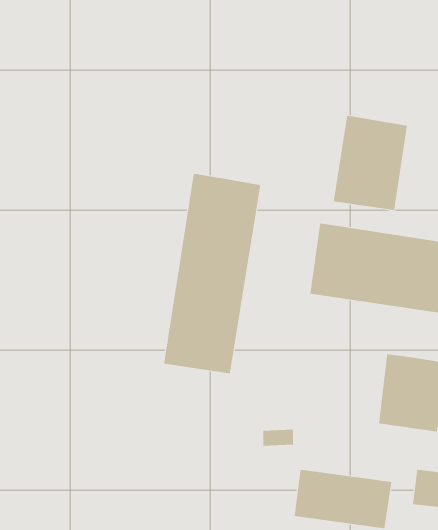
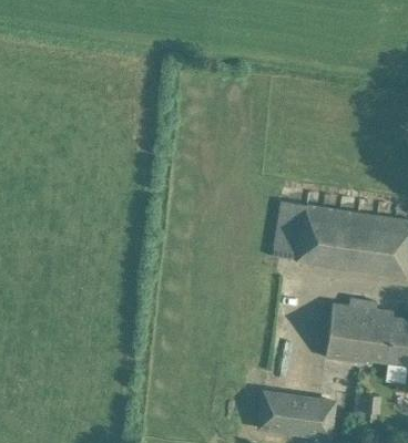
building: [333,115,407,211] -> none
building: [164,173,261,374] -> none

